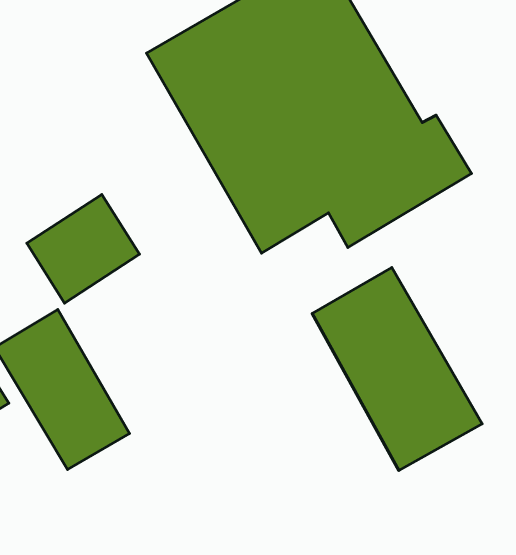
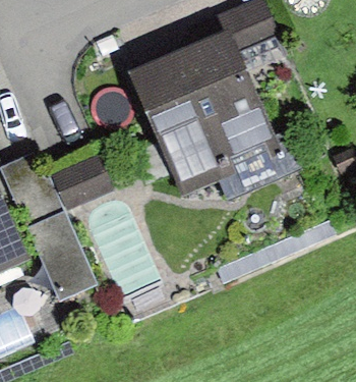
building: [312,267,482,470] -> none

